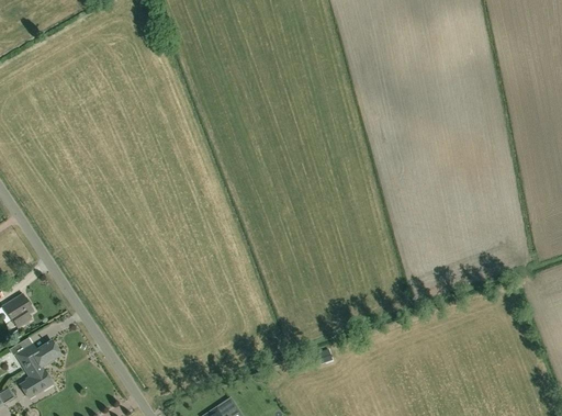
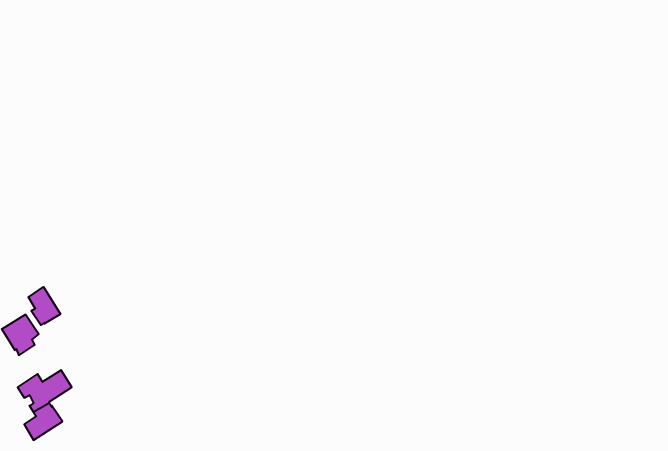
building: none -> [28,287,60,325]

